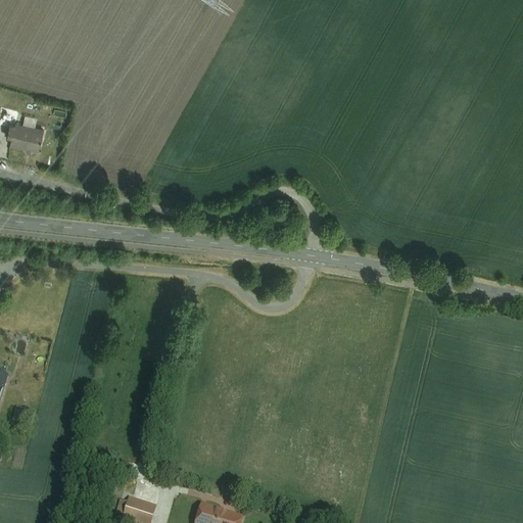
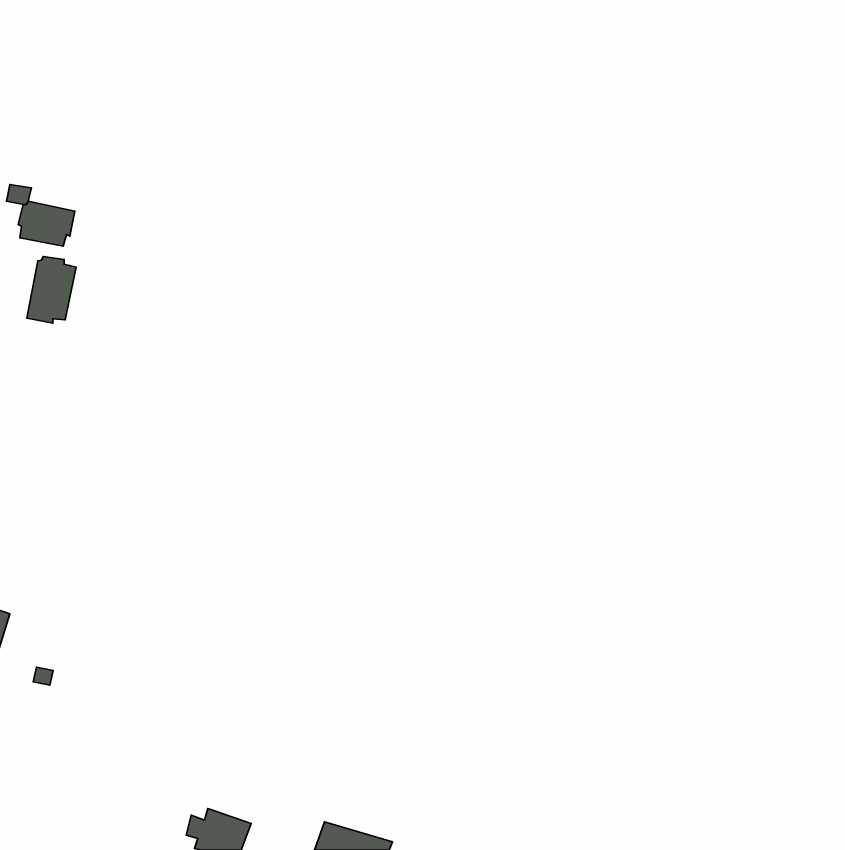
building: none -> [27,257,76,323]

